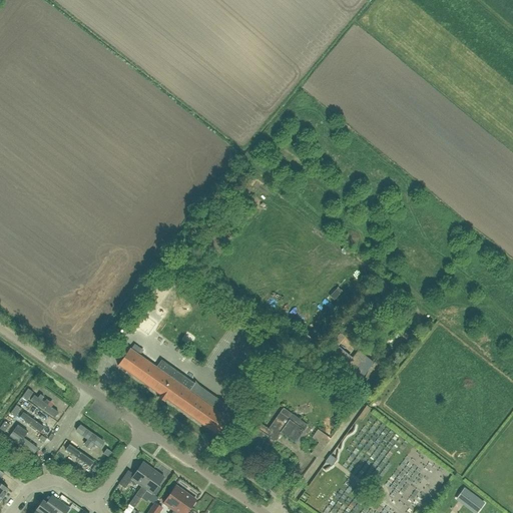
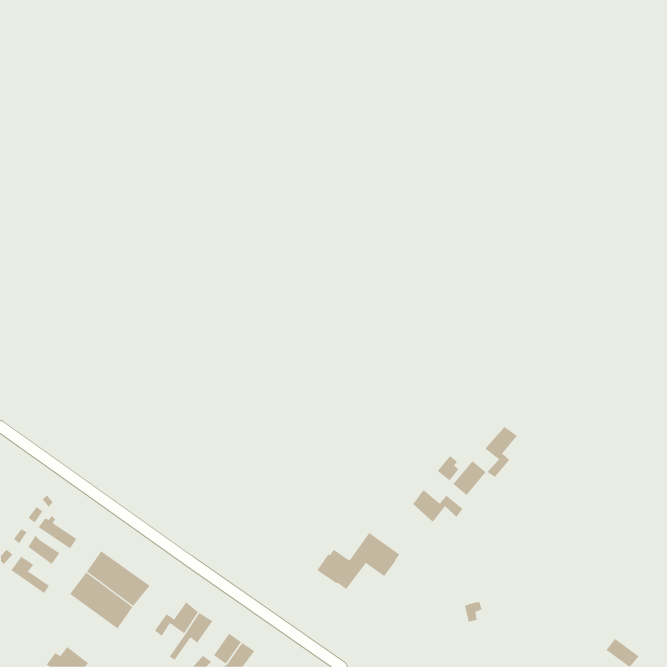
building: none -> [485,426,518,478]
building: [118,348,229,435] -> none
building: none -> [412,489,463,522]

